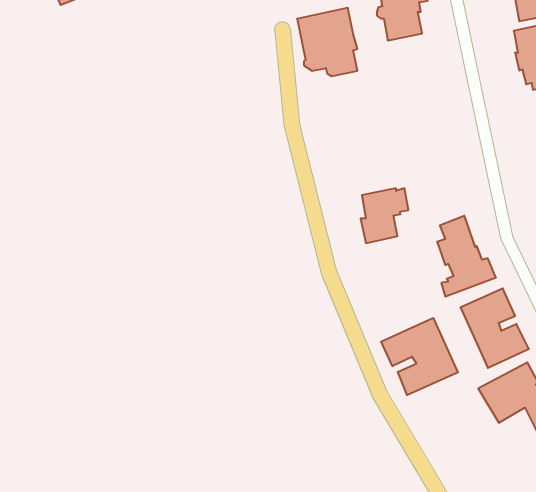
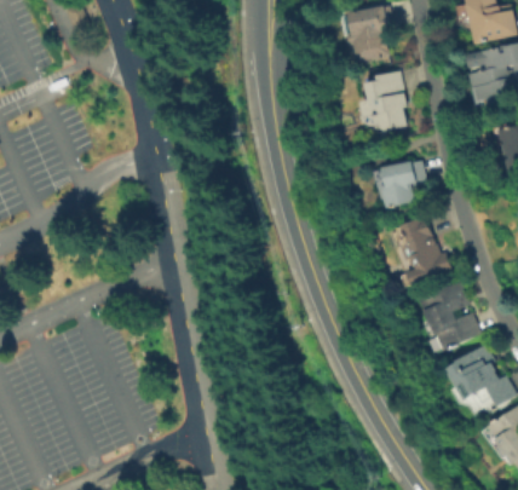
building: [297,8,357,76] -> [355,70,408,131]
building: [361,188,408,243] -> [382,160,425,208]
building: [381,318,458,395] -> none

